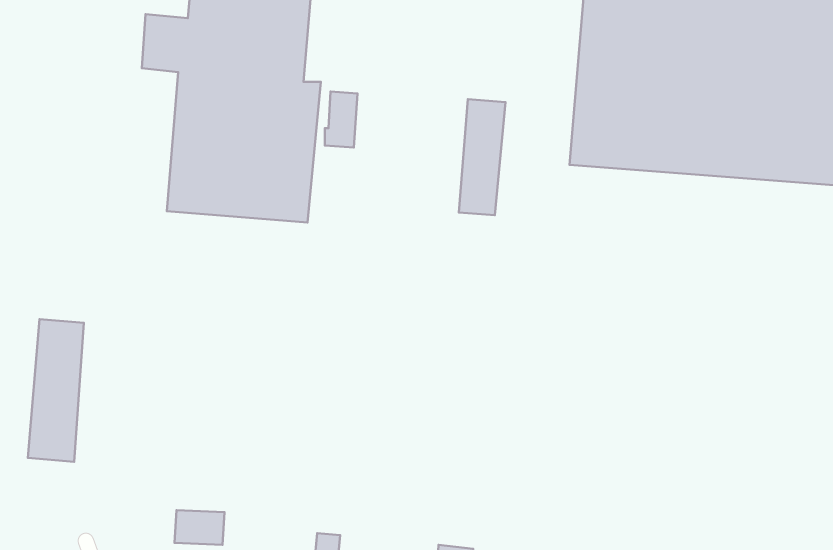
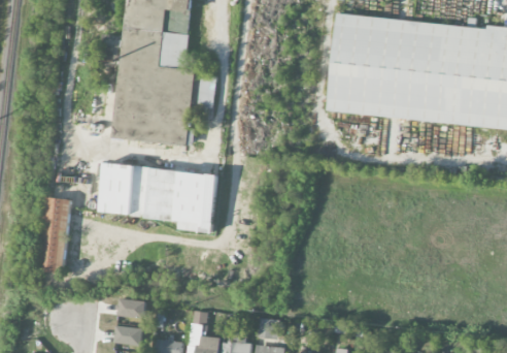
building: [459,99,505,215] -> none
building: none -> [100,163,213,233]

